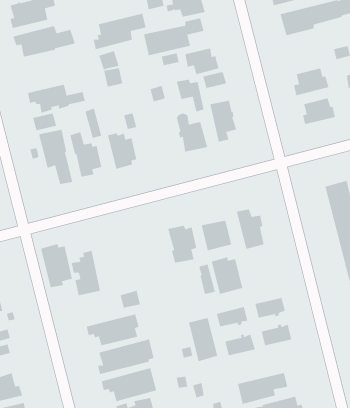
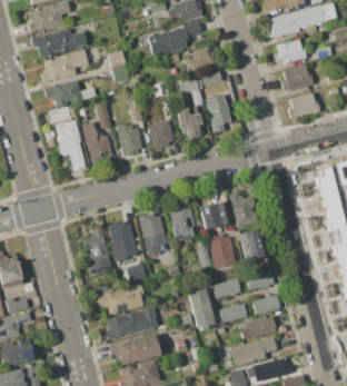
building: [93,13,146,50] -> [41,50,89,83]
building: none -> [276,39,307,65]
building: none -> [149,119,172,148]
building: none -> [139,214,167,256]
building: [40,243,73,288] -> [107,221,136,261]
building: none -> [236,228,268,260]
building: none -> [241,316,277,338]

